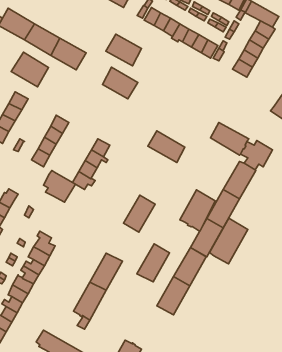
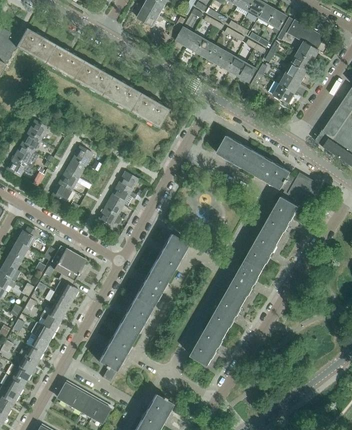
building: [106,34,141,66] -> [101,76,140,111]
building: [11,52,48,87] -> none
building: [148,131,185,163] -> [217,135,258,170]
building: [44,171,75,202] -> [51,245,86,280]
building: [180,190,215,231] -> none
building: [209,218,248,264] -> none
building: [137,244,169,282] -> [134,264,170,306]

